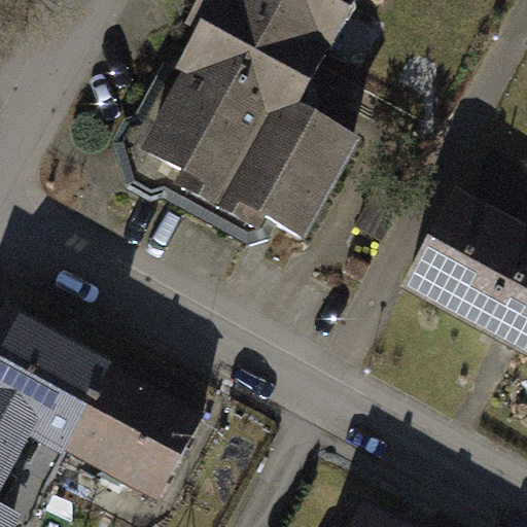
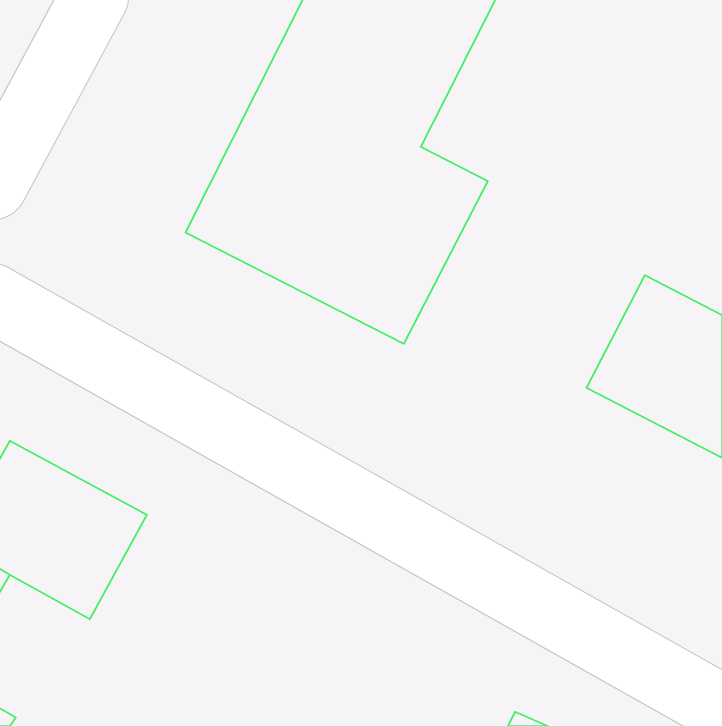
building: [65,372,198,497] -> none

